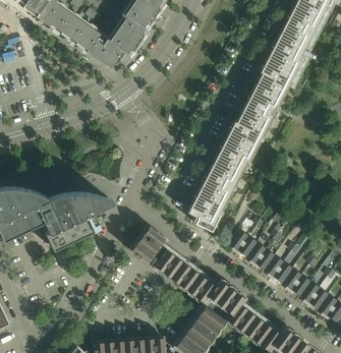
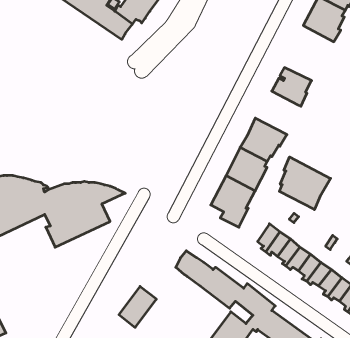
building: [252,57,295,106] -> none
building: [227,114,265,152] -> none
building: none -> [279,157,331,210]
building: [132,227,165,262] -> [119,286,156,327]

